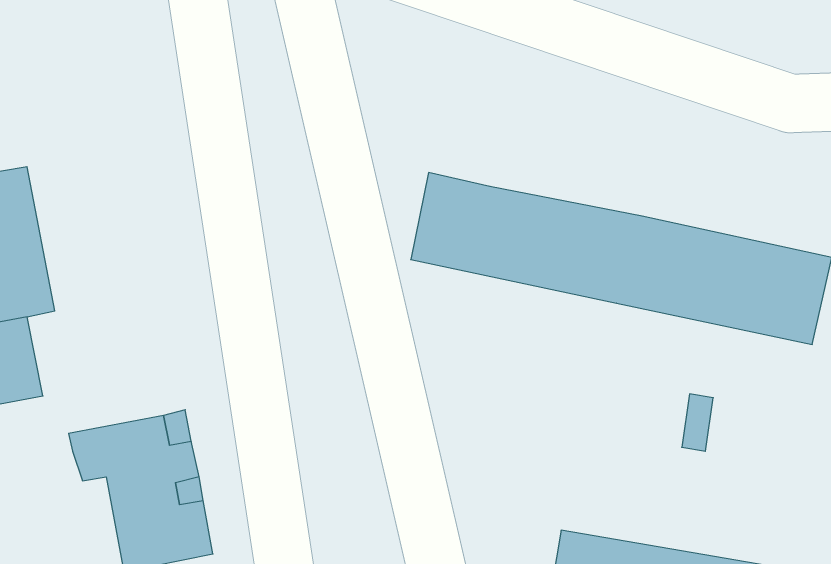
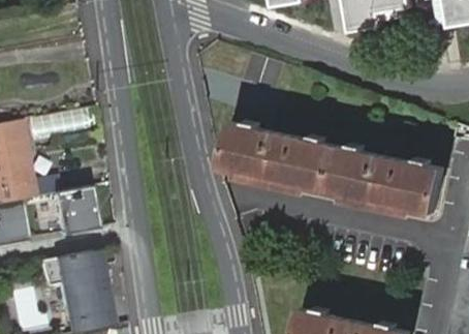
building: none -> [51,187,95,236]

